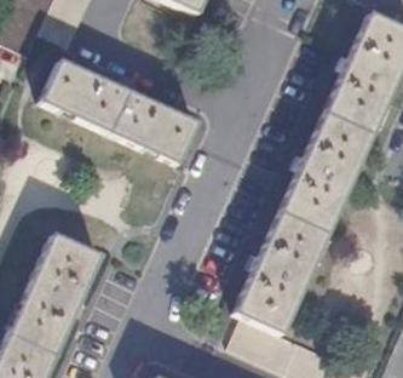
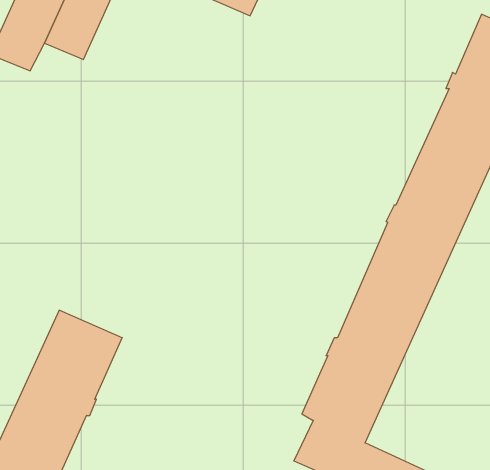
building: [40,62,195,165] -> none

